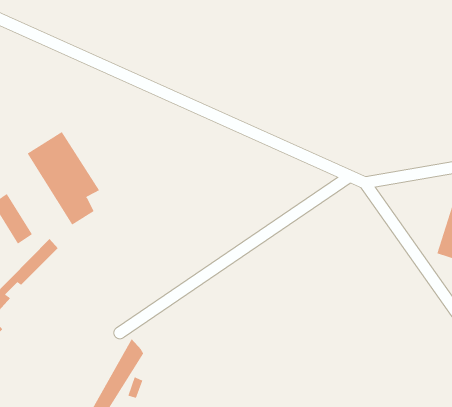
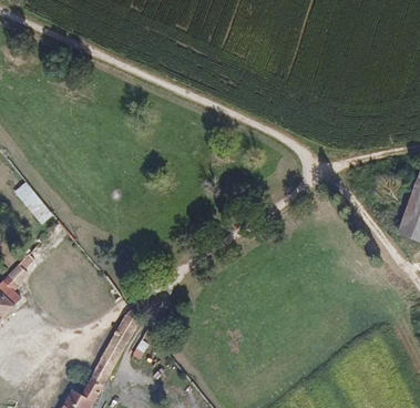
building: [27,131,100,225] -> none

